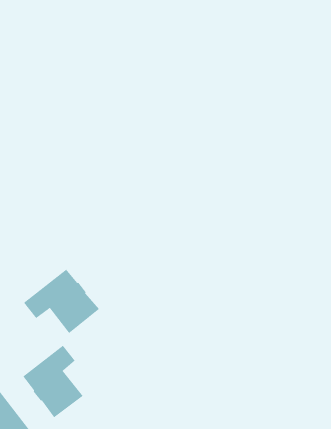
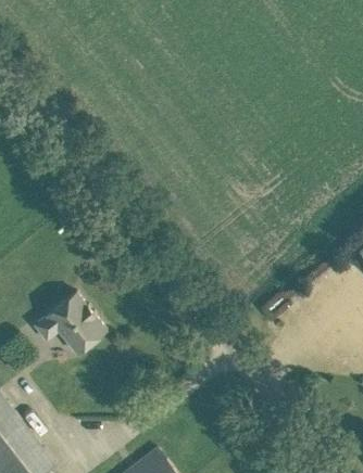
building: [23,345,83,418] -> none

